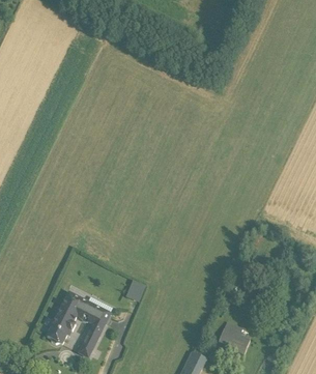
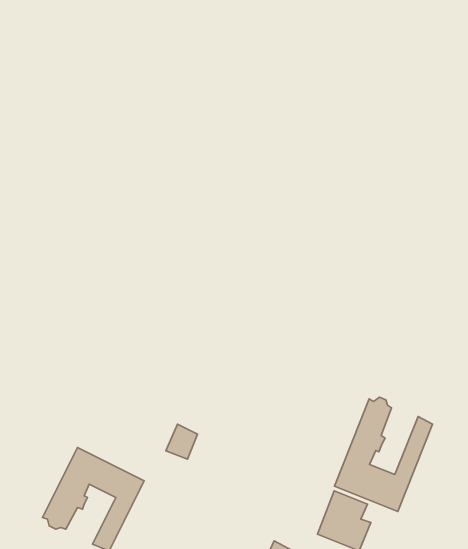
building: none -> [334,397,433,511]

